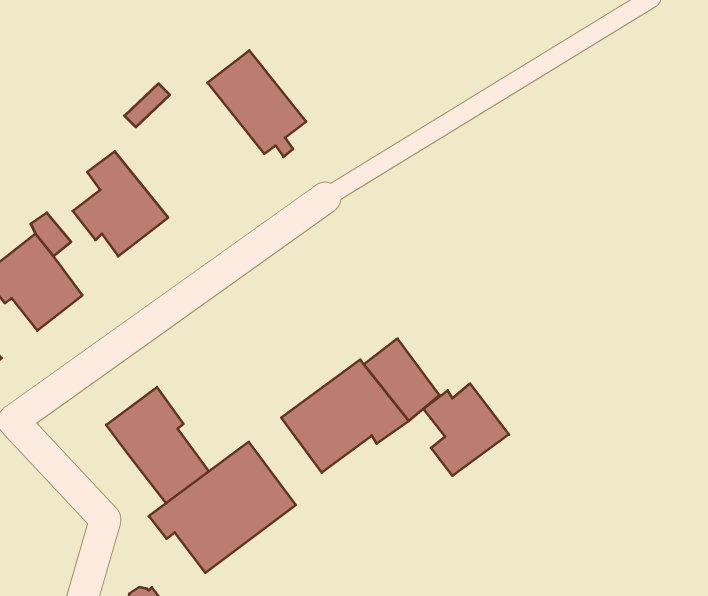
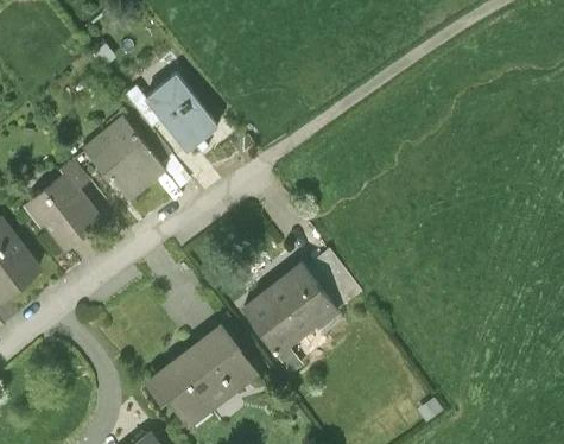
building: [207,50,306,157] -> [145,75,217,153]
building: [424,384,509,476] -> none
building: [106,387,209,503] -> none

